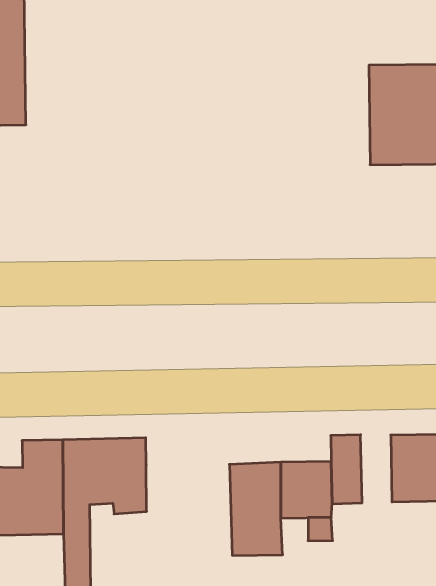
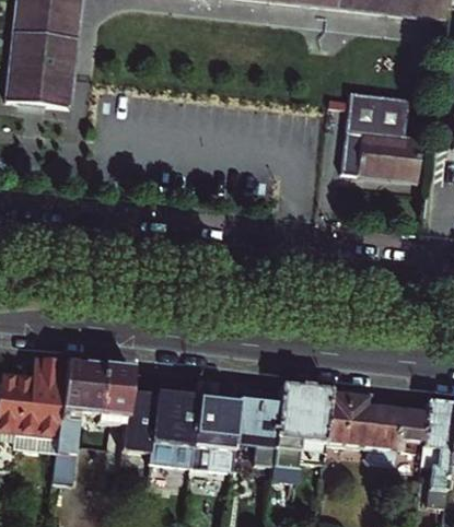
building: none -> [299,385,330,462]
building: none -> [124,388,198,469]

